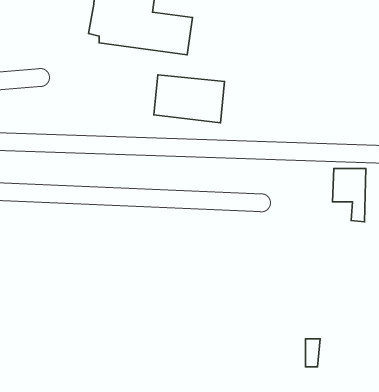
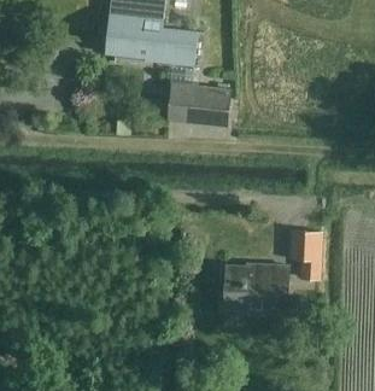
building: [332,168,366,222] -> [286,230,316,279]
building: none -> [222,264,286,311]

